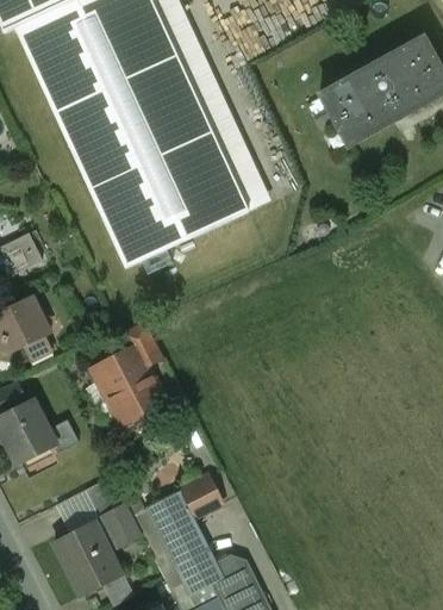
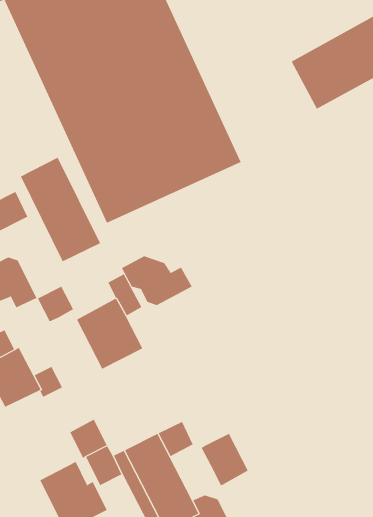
building: none -> [20,157,101,262]
building: none -> [121,256,192,306]
building: none -> [37,286,74,322]
building: none -> [201,433,249,486]

